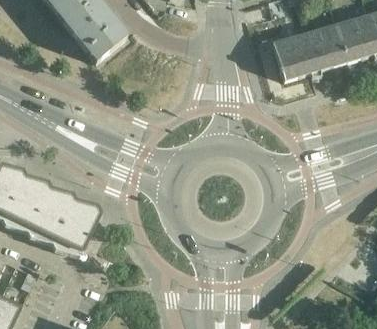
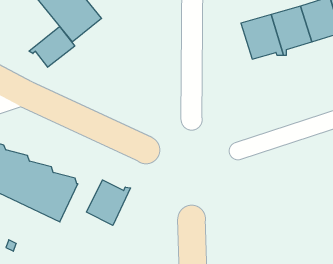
building: none -> [29,26,75,67]
building: none -> [86,180,131,225]

